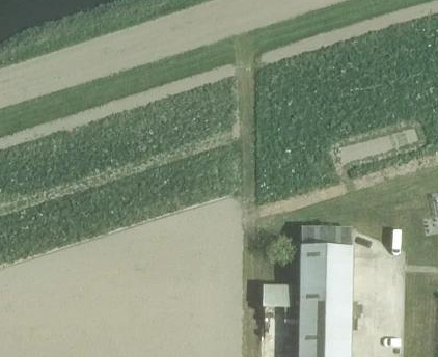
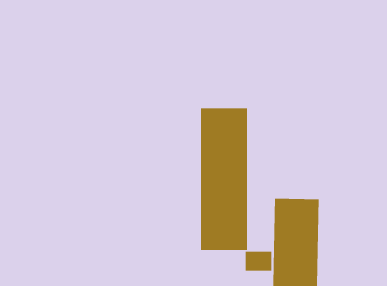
building: none -> [200,107,248,251]

